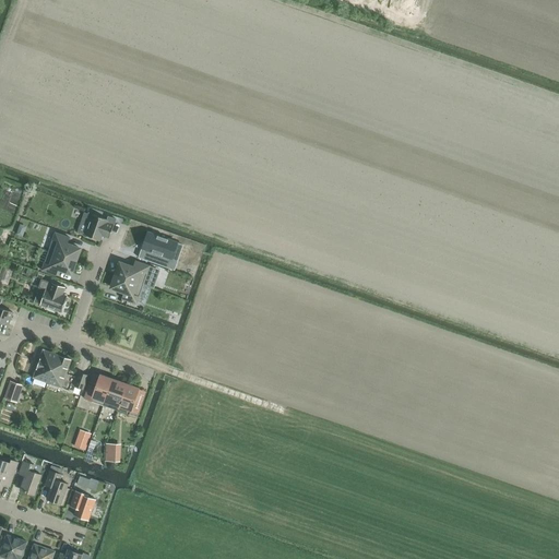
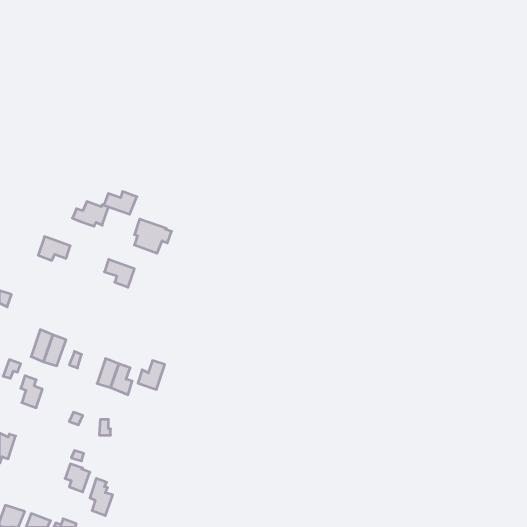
building: [47,231,79,260] -> none
building: [115,260,150,284] -> [104,192,137,214]
building: [38,278,66,311] -> none
building: [83,374,111,405] -> [138,361,165,389]
building: [17,460,40,493] -> [21,376,42,408]
building: [44,464,68,503] -> [90,478,113,516]

